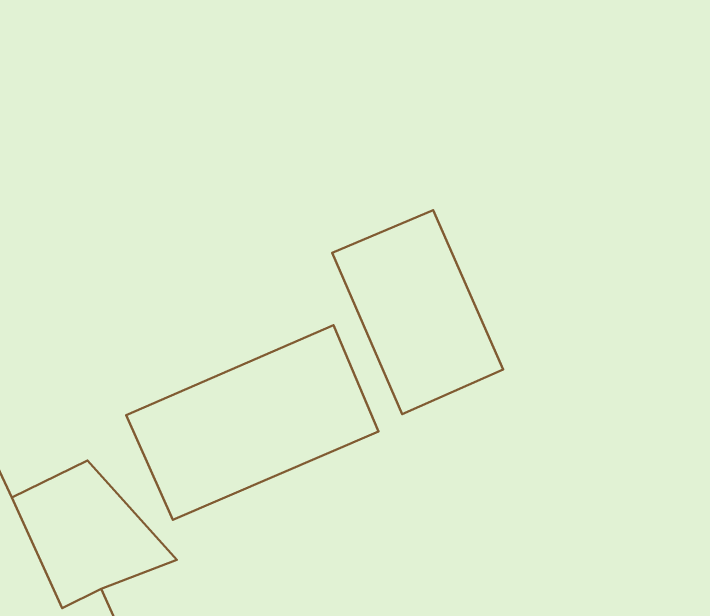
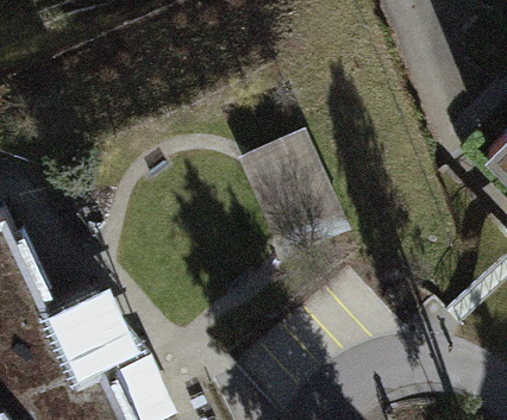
building: [126,325,378,520] -> none

